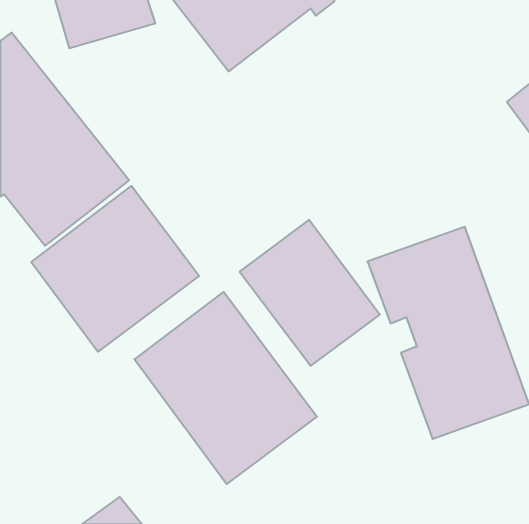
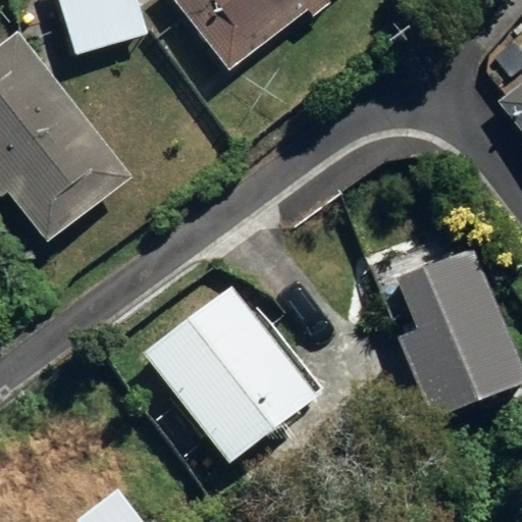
building: [31,186,199,352] -> none
building: [240,220,380,366] -> none

